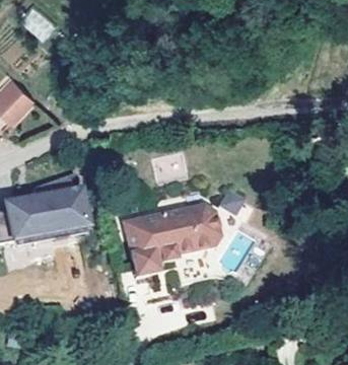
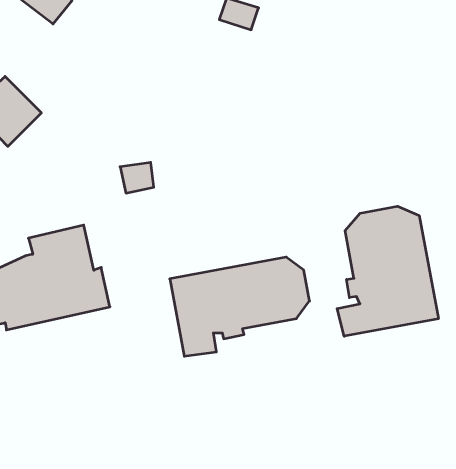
building: none -> [337,206,438,336]

